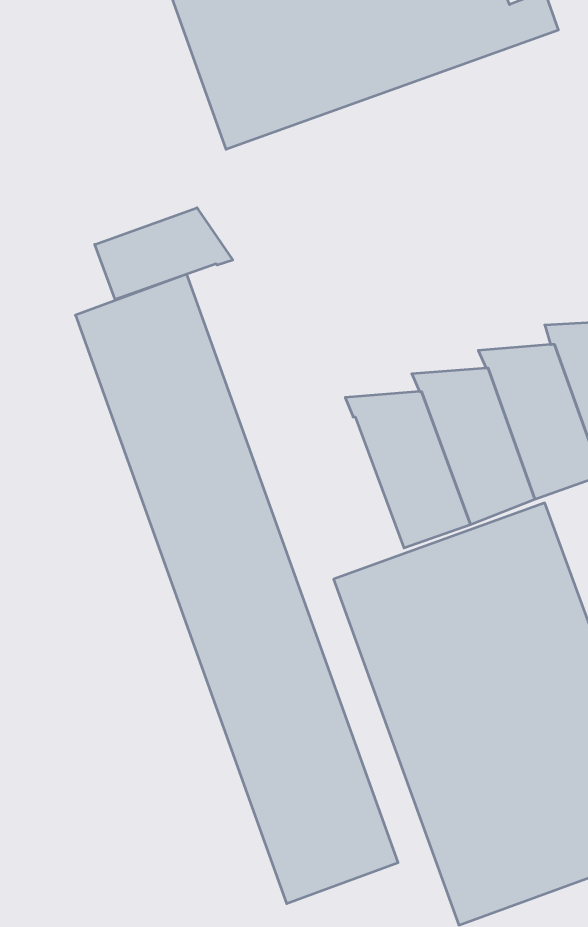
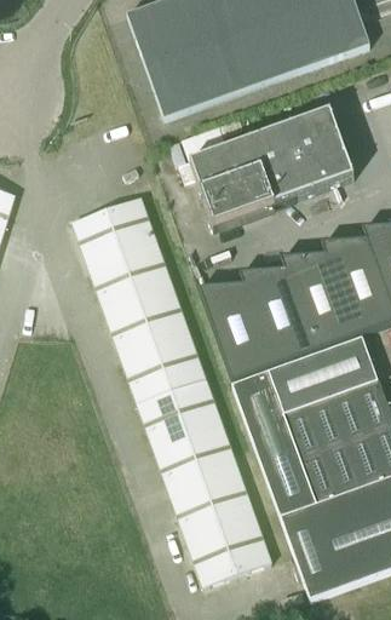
building: none -> [190,110,353,226]
building: [95,208,233,300] -> none
building: none -> [199,283,275,380]

